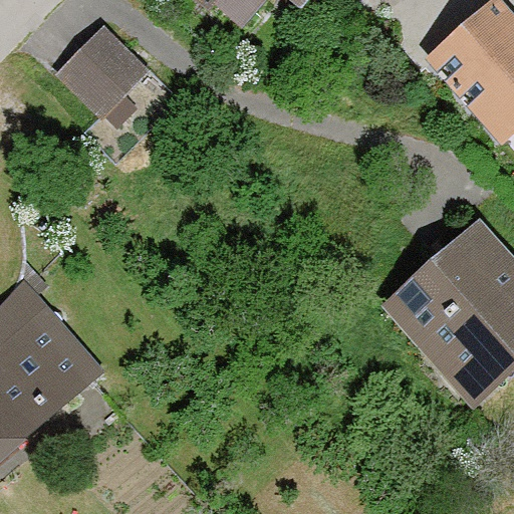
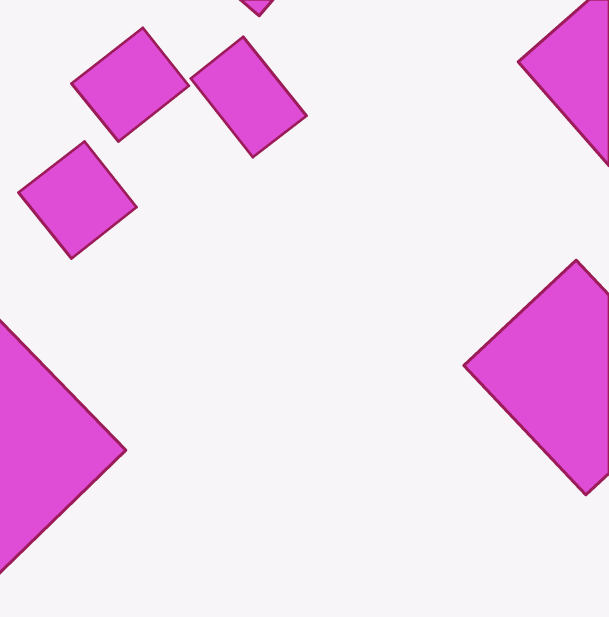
building: none -> [191,37,307,157]
building: none -> [18,141,136,259]

